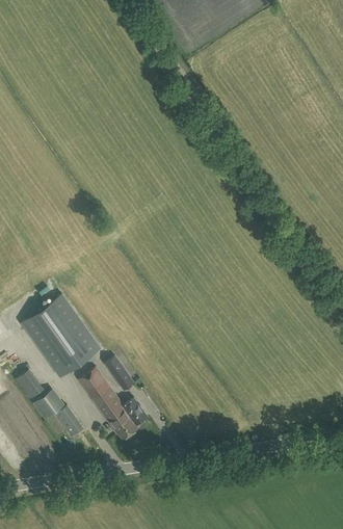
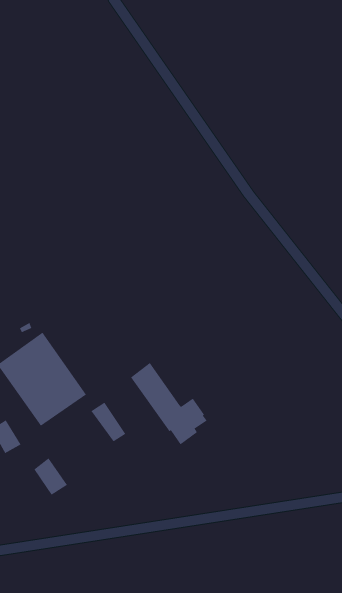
building: [79,368,147,441] -> [130,362,207,445]
building: [33,393,61,420] -> none

